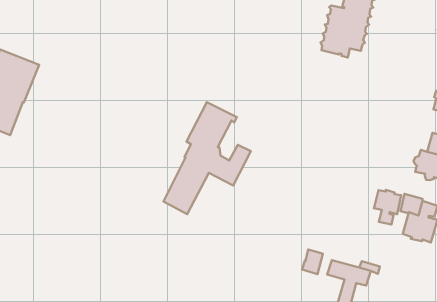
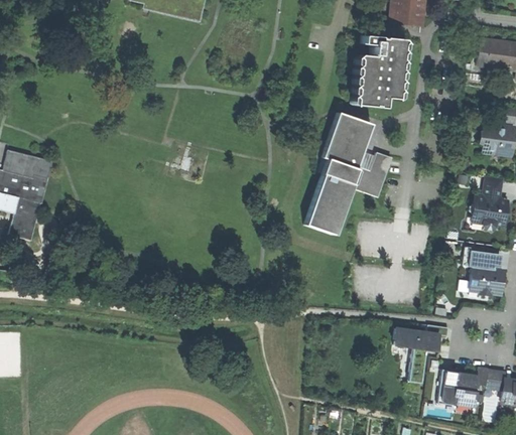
building: [164,102,251,214] -> [305,111,392,234]
building: [374,190,401,224] -> none
building: [302,250,323,274] -> none

